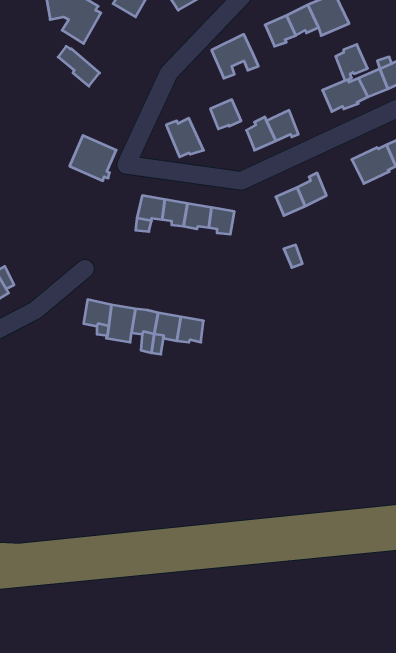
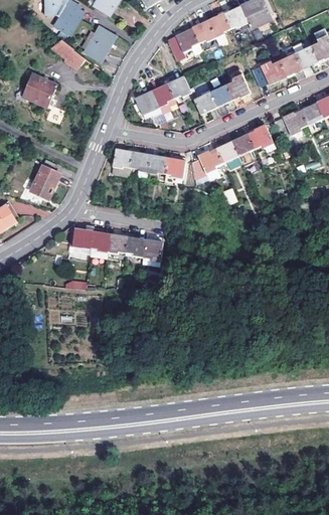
building: none -> [192,19,219,48]
building: none -> [84,24,116,59]
building: [336,44,368,80] -> [226,74,251,102]
building: none -> [151,82,177,114]
building: [70,135,116,181] -> [20,69,55,104]
building: none -> [248,125,274,148]
building: none -> [192,149,222,179]
building: none -> [30,159,60,198]

